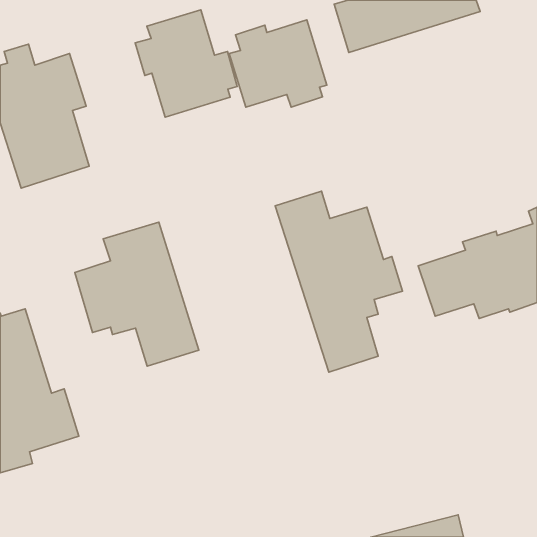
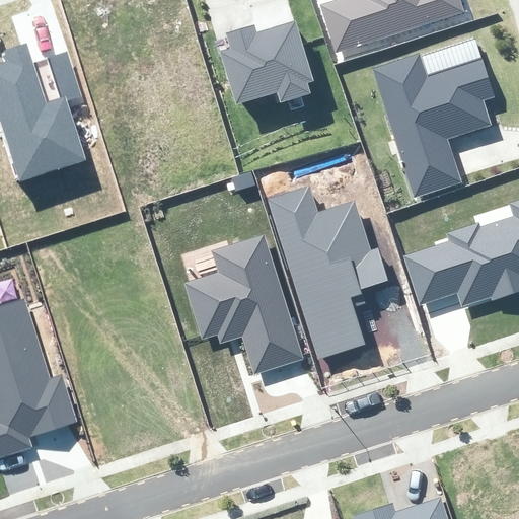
building: [135,10,237,117] -> none
building: none -> [372,52,500,194]
building: [75,222,199,366] -> [183,234,303,373]

